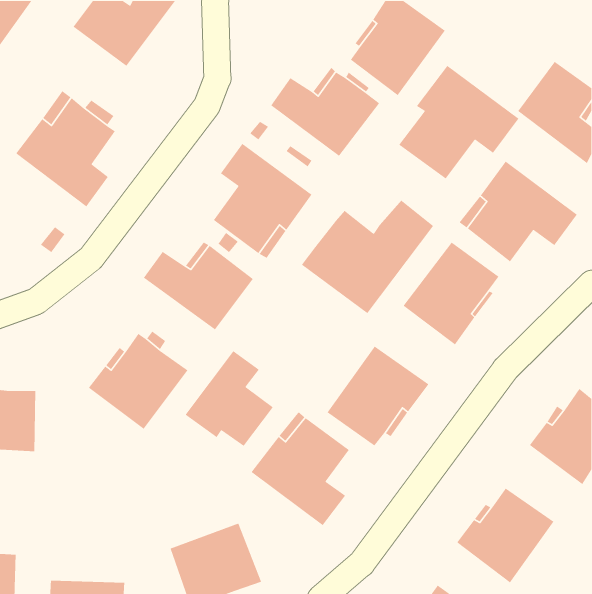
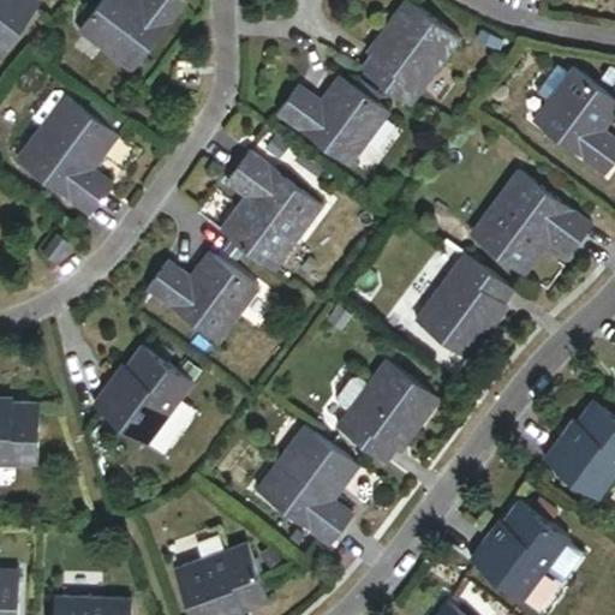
building: [398,65,520,180] -> none
building: [301,199,434,314] -> none
building: [184,350,274,447] -> none

